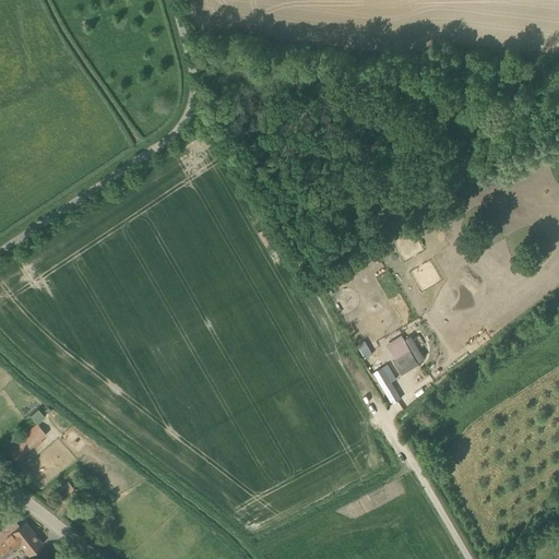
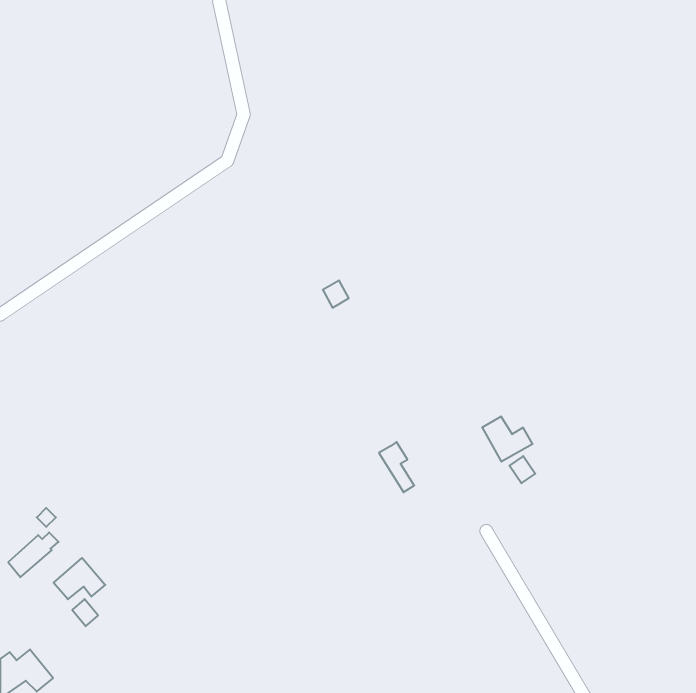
building: [373,365,402,405] -> [379,442,414,492]
building: none -> [54,558,105,599]

